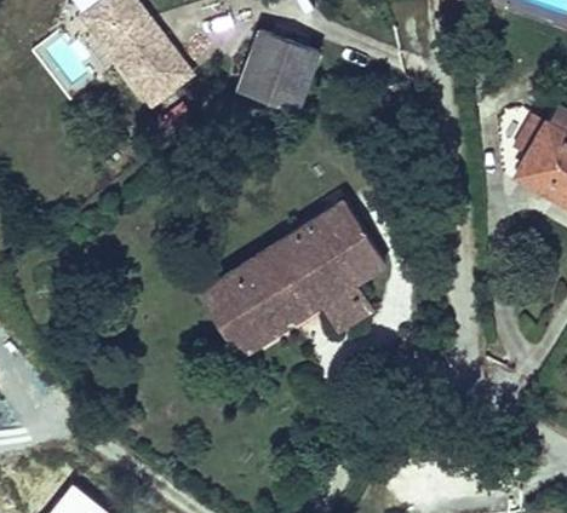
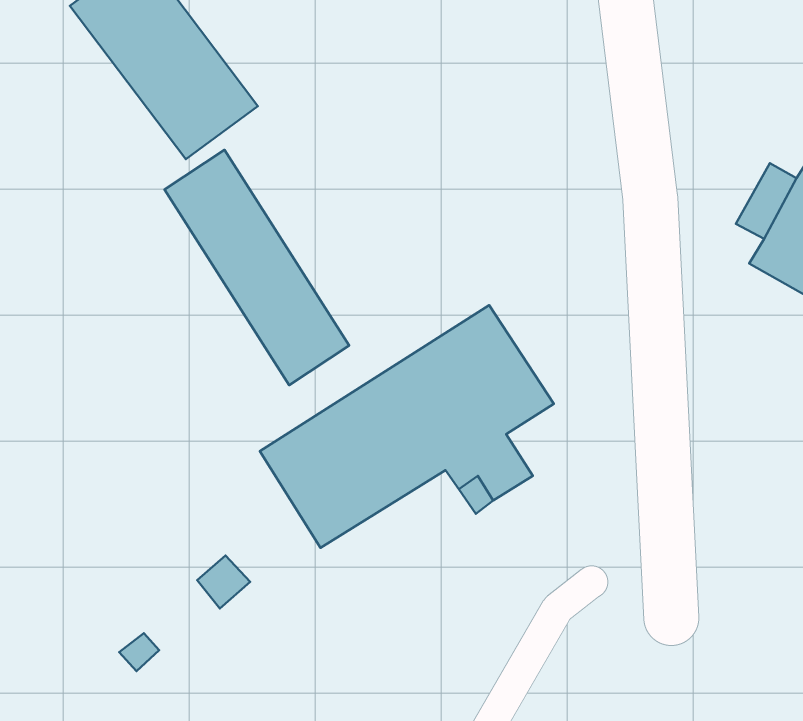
building: [236,31,320,111] -> none
building: none -> [164,150,349,385]

